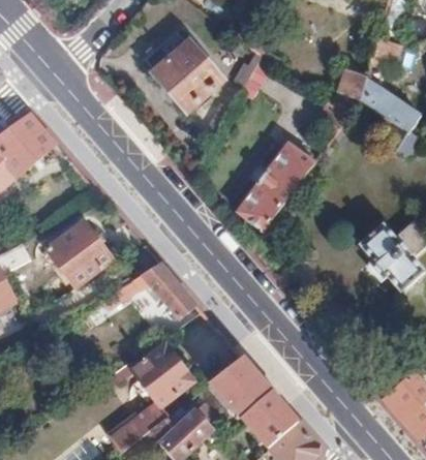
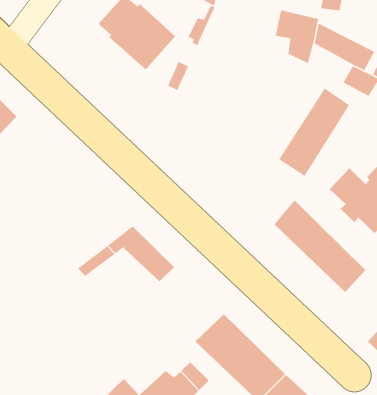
building: [238,144,314,231] -> [278,88,350,177]
building: [49,222,115,287] -> none
building: none -> [274,200,366,293]
building: [135,344,196,405] -> none

